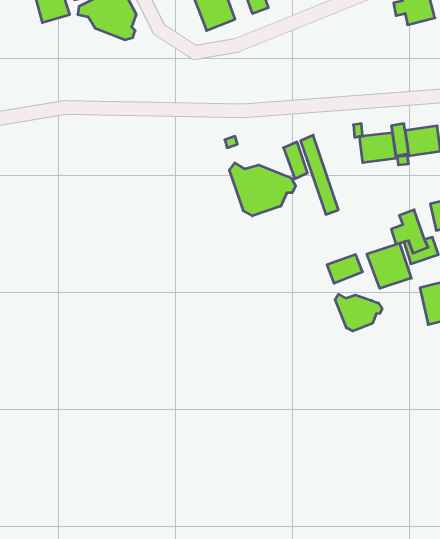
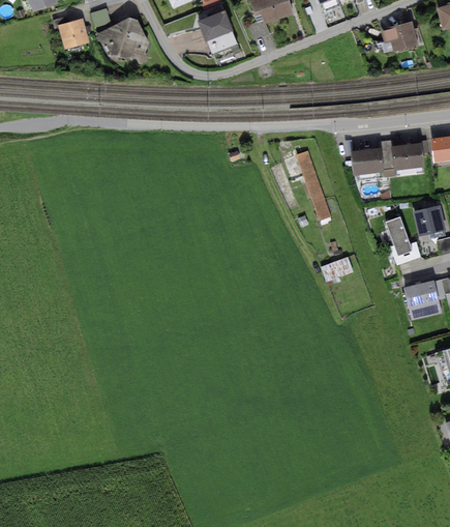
building: [229,163,296,216] -> none
building: [367,243,411,288] -> none
building: [335,294,382,331] -> none

